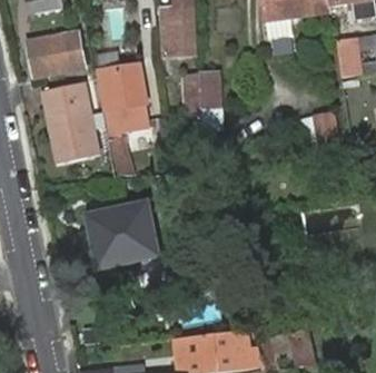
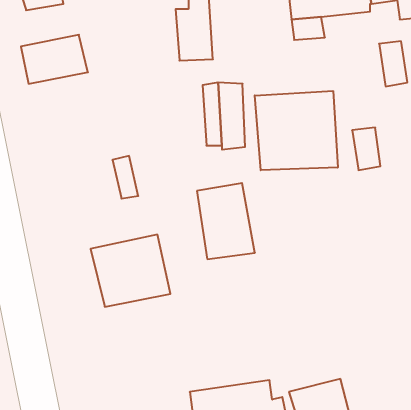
building: [101,66,151,131] -> [197,183,255,259]
building: none -> [255,91,338,170]
building: [38,81,97,163] -> none

